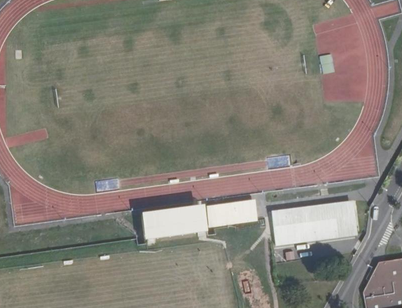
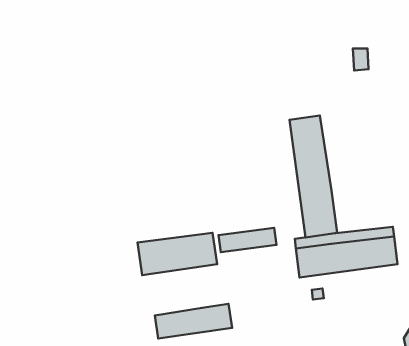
building: none -> [289,116,337,237]
building: none -> [155,304,232,339]

